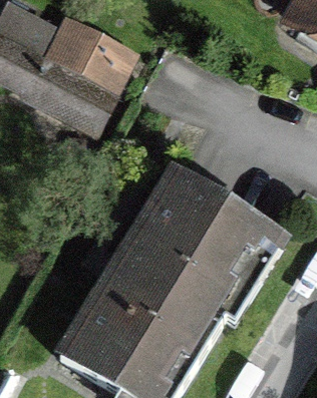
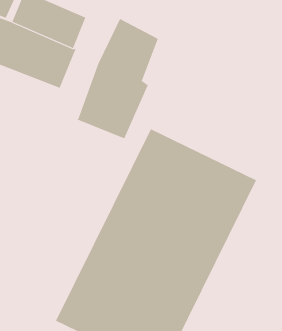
building: none -> [76,18,159,139]

